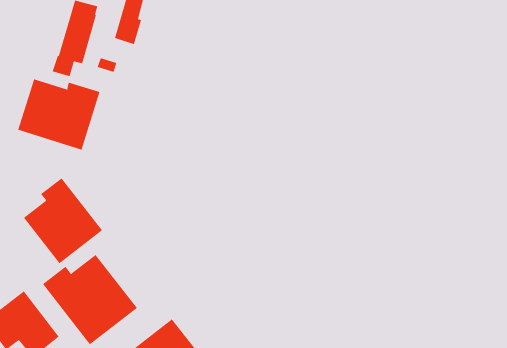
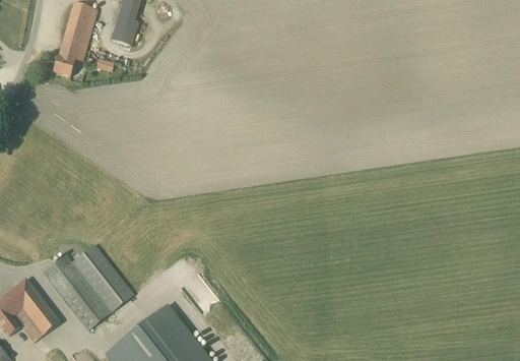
building: [18,79,100,151] -> none
building: [23,177,103,264] -> none

